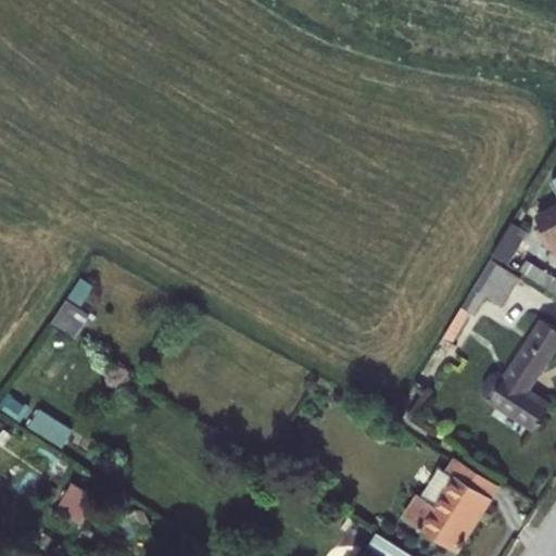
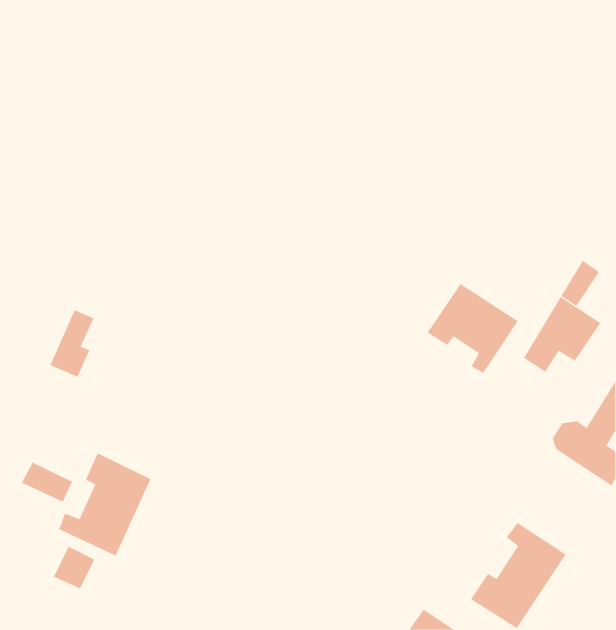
building: none -> [427,283,519,374]
building: none -> [59,453,151,557]

